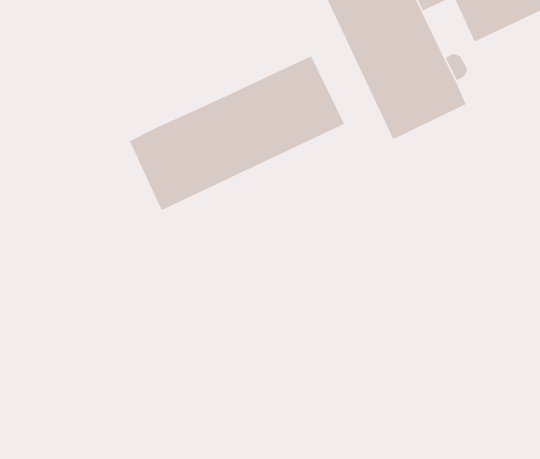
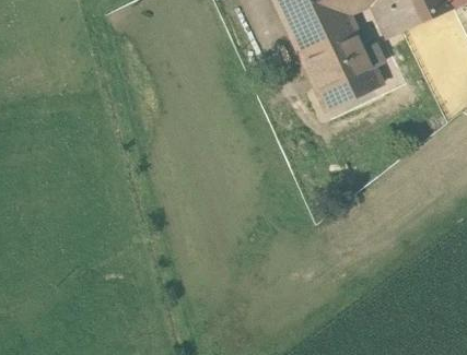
building: [129,55,345,211] -> none

